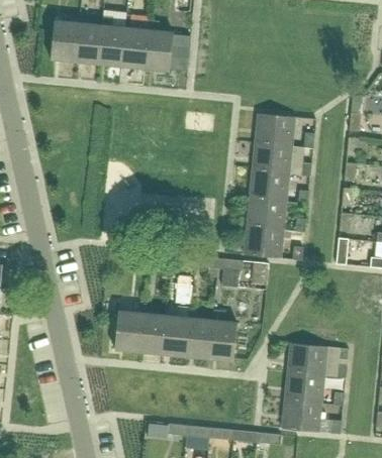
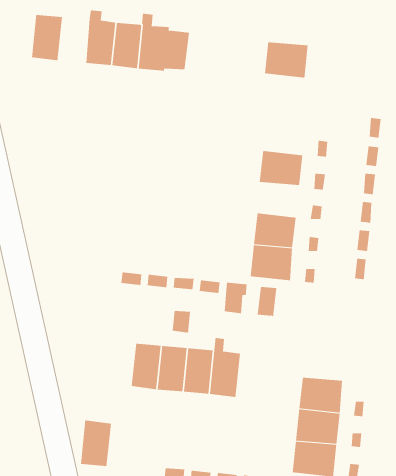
building: [74,22,101,64] -> none
building: [256,113,295,145] -> [264,42,308,78]
building: [251,169,289,201] -> none
building: [114,310,142,351] -> [80,420,112,466]

